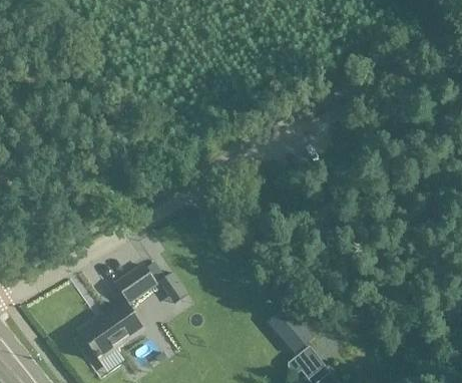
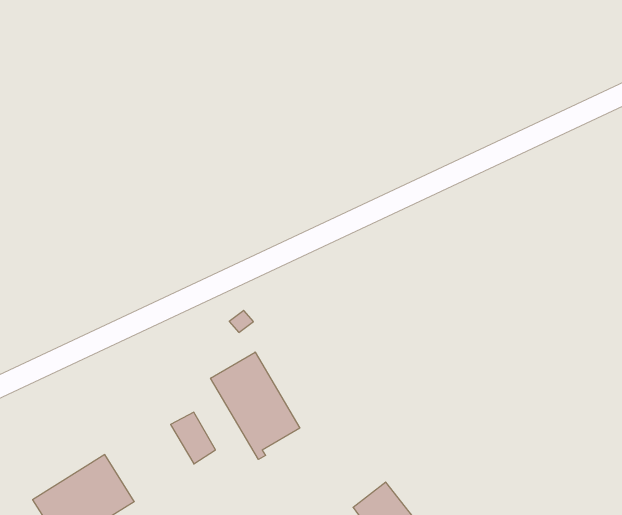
building: none -> [211,352,300,459]
building: [118,268,159,306] -> none

